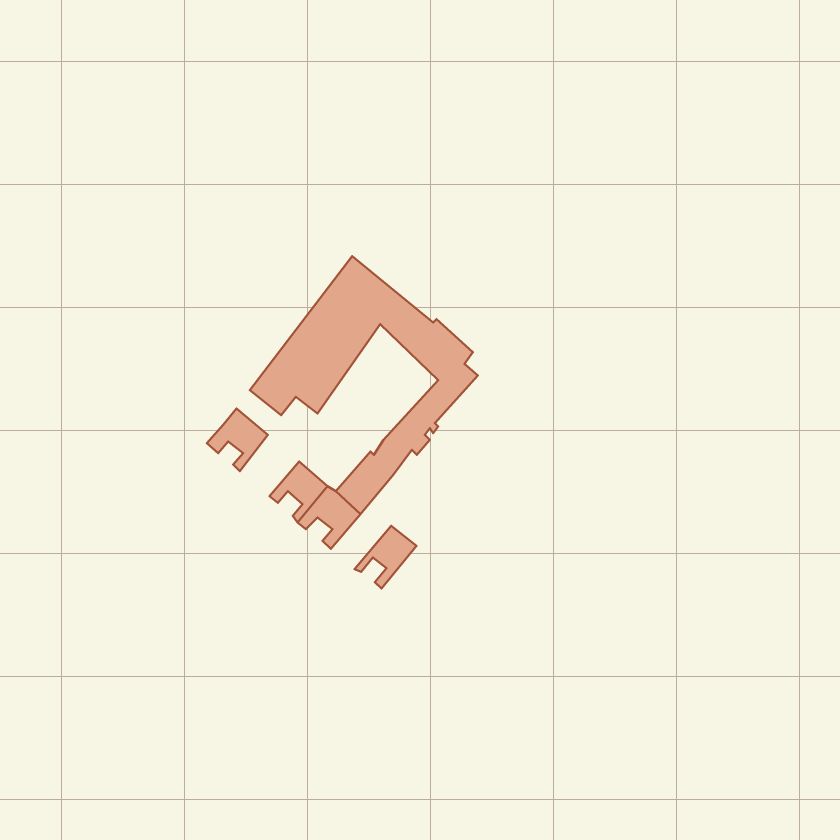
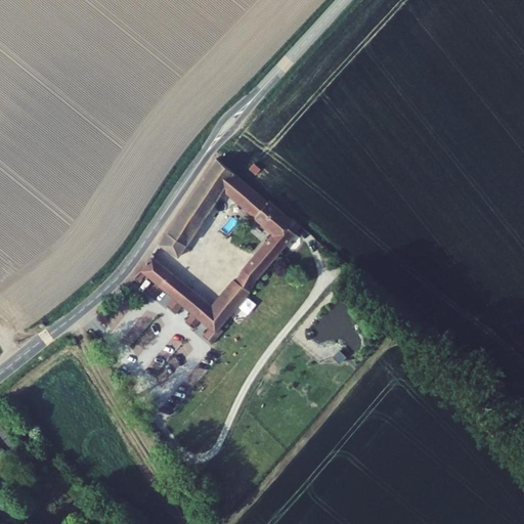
building: none -> [148,272,185,310]
building: [354,526,416,588] -> none

